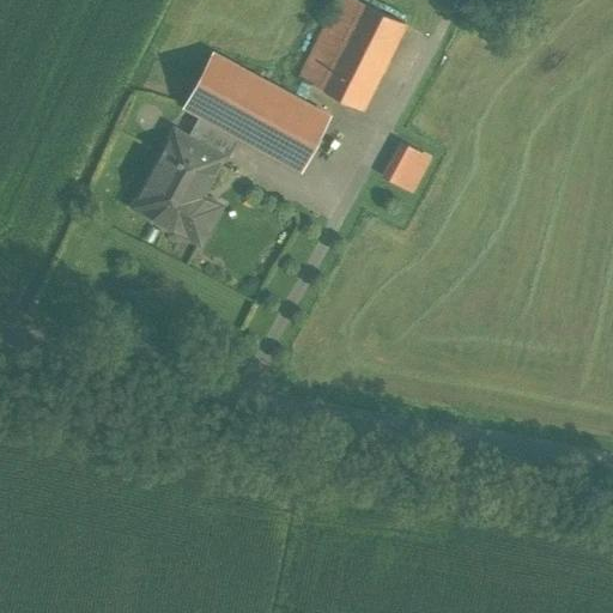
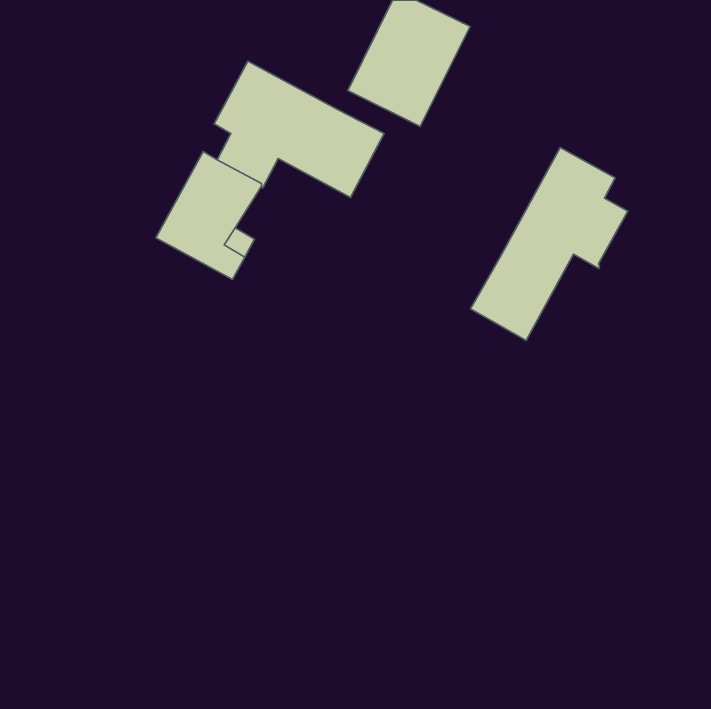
building: none -> [470,147,628,340]
building: [384,144,430,190] -> none

